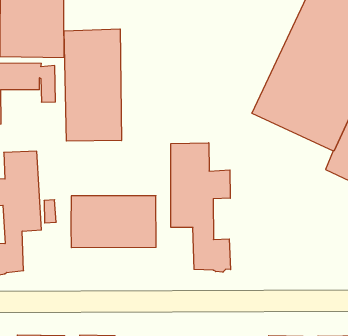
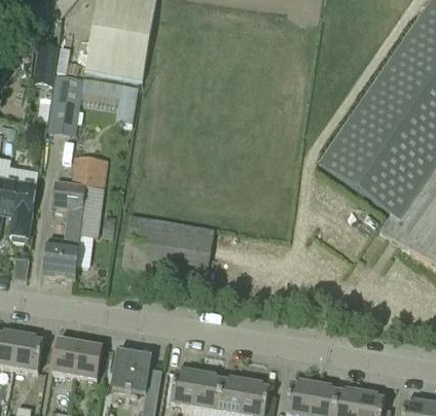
building: [64,29,121,141] -> none
building: [171,143,231,272] -> none

